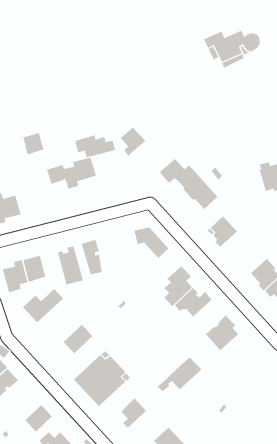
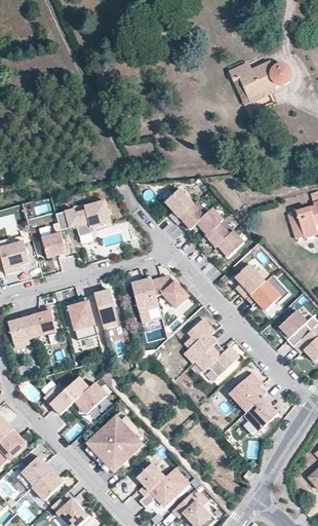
building: [120,127,146,157] -> [164,188,193,221]
building: [22,133,44,155] -> [42,232,66,257]
building: [74,134,116,158] -> none
building: none -> [245,274,288,309]
building: none -> [130,277,161,322]
building: [22,288,64,323] -> [43,376,88,414]
building: none -> [243,392,278,430]
building: [157,356,202,392] -> [138,467,188,506]
building: none -> [15,455,50,490]

